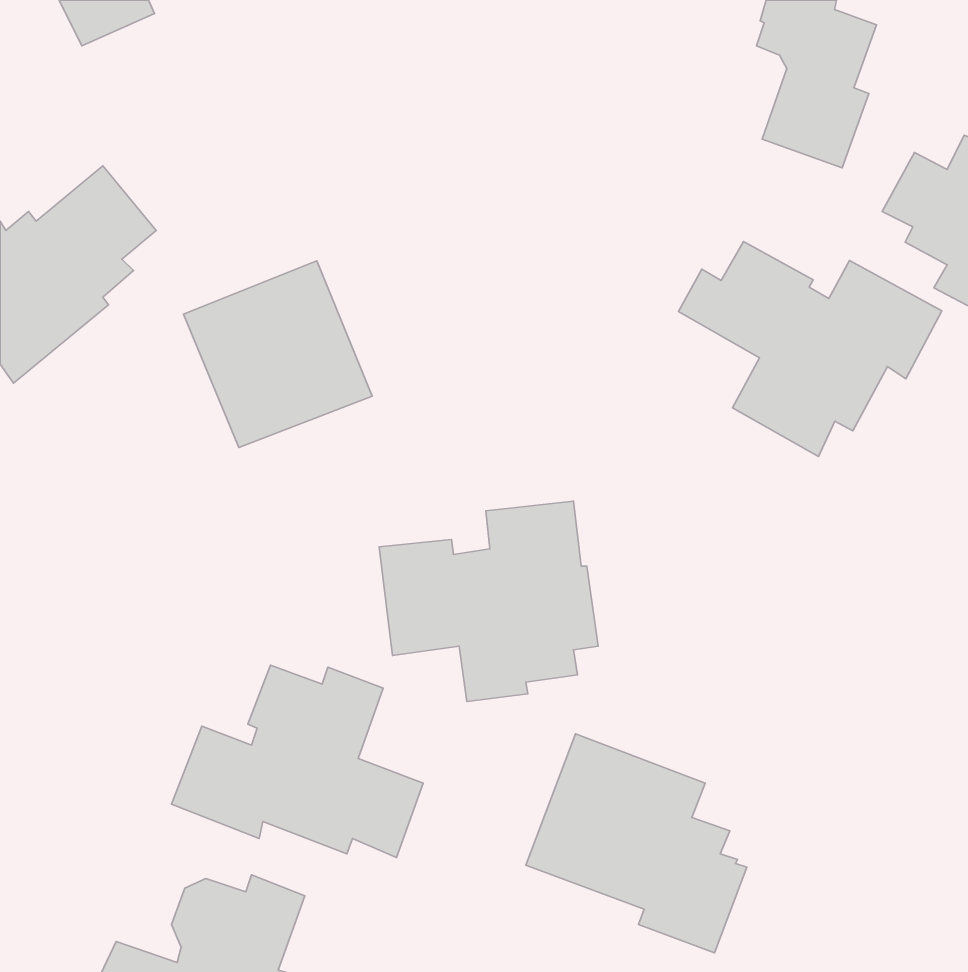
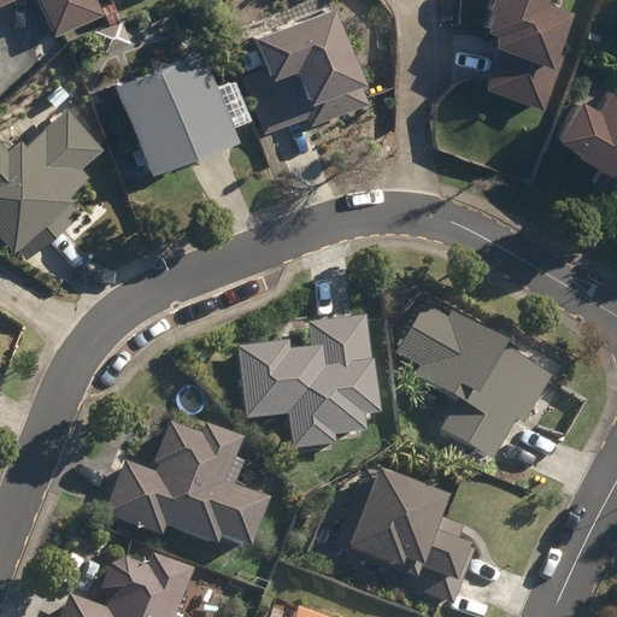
building: none -> [245,7,368,131]
building: [678,242,942,457] -> none
building: [184,261,372,448] -> [117,49,236,168]
building: none -> [398,310,547,458]

